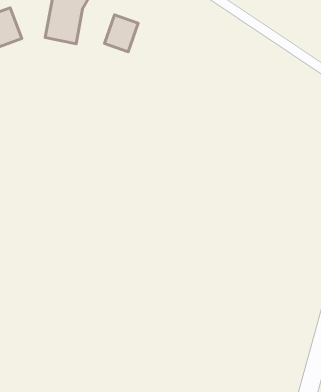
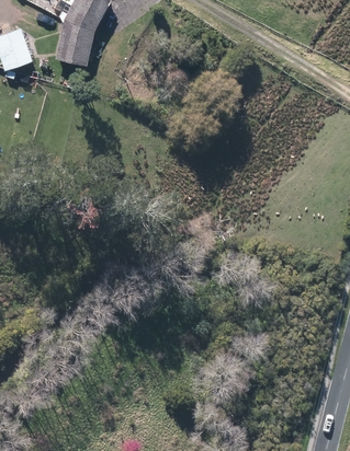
building: [104,15,138,52] -> none

